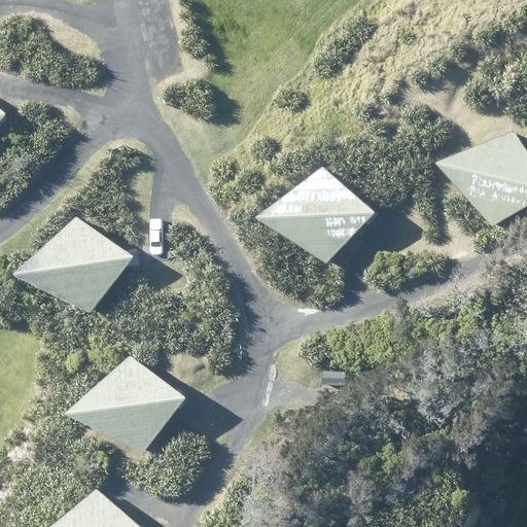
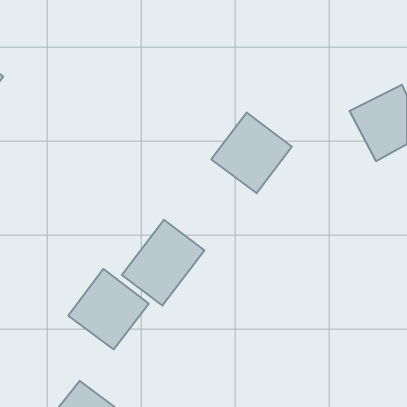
building: [27,212,128,313] -> none
building: none -> [122,220,204,306]

